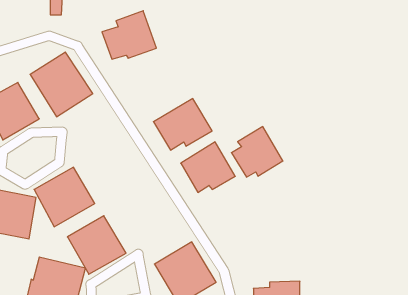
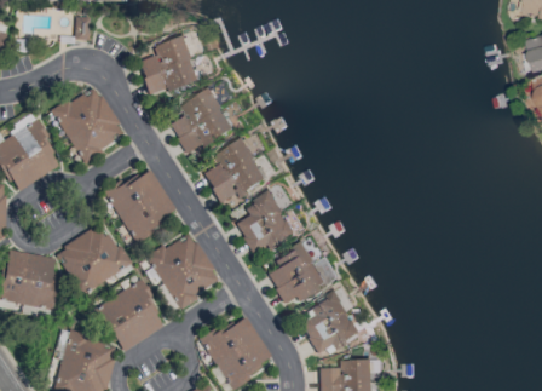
building: none -> [168,88,236,154]
building: none -> [105,166,177,240]
building: [231,127,283,177] -> [266,242,328,303]
building: none -> [148,231,219,307]
building: none -> [304,291,362,353]

